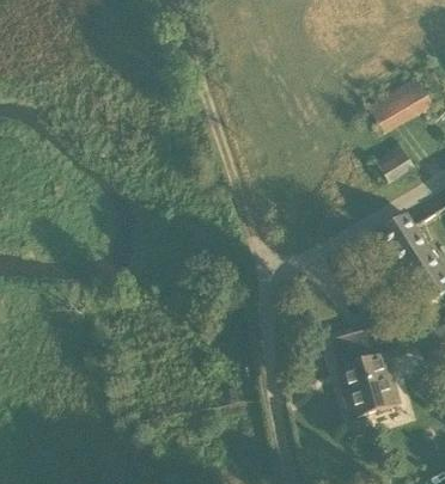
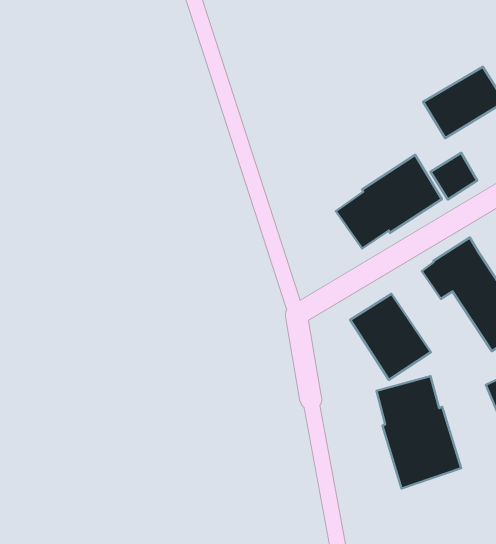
building: none -> [336,155,442,249]
building: none -> [350,294,431,380]

